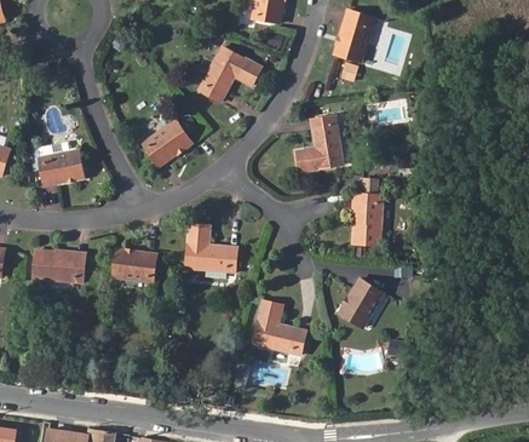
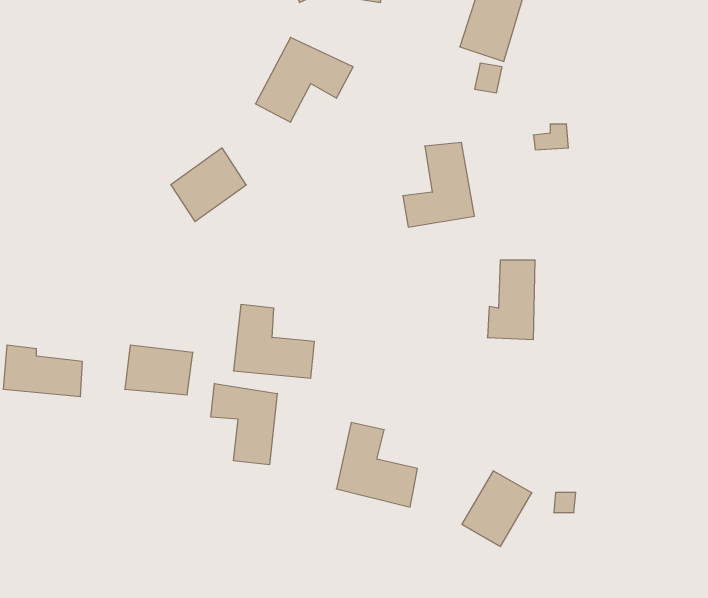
building: [39,149,85,185] -> none
building: none -> [211,383,277,465]
building: [338,277,384,327] -> [462,471,532,546]

